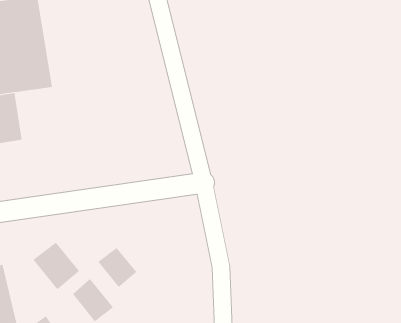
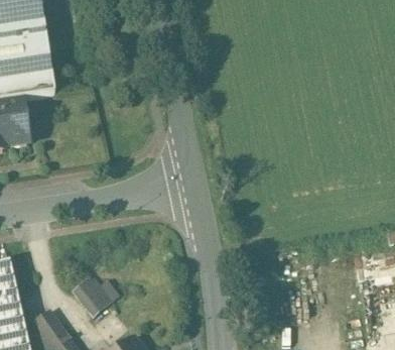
building: [33,242,80,290] -> none
building: [97,247,137,288] -> none

